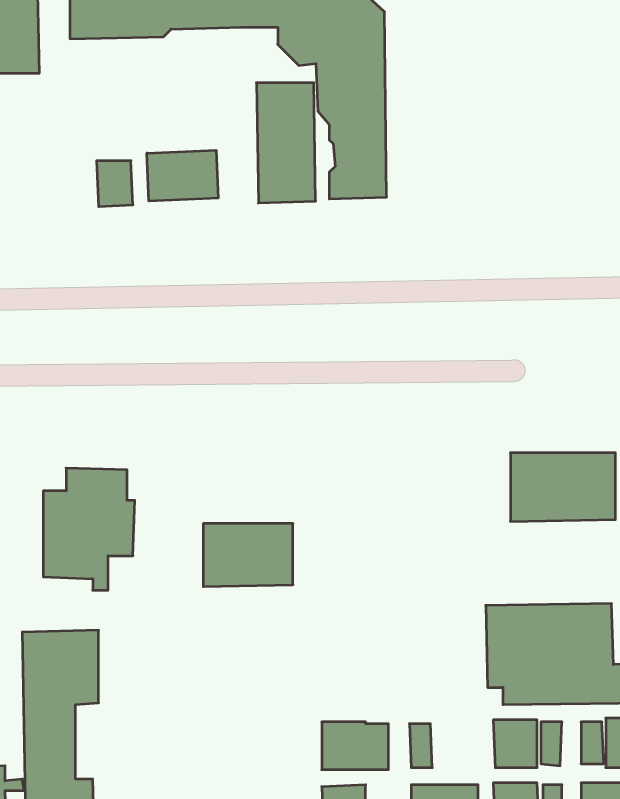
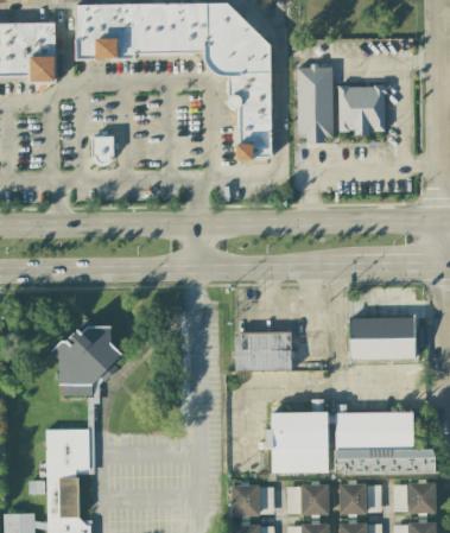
building: none -> [337,84,385,134]
building: [256,83,316,203] -> [296,65,332,140]
building: [147,150,218,201] -> none
building: [203,524,293,587] -> [235,331,291,370]
building: none -> [265,411,328,472]
building: none -> [300,483,328,514]

